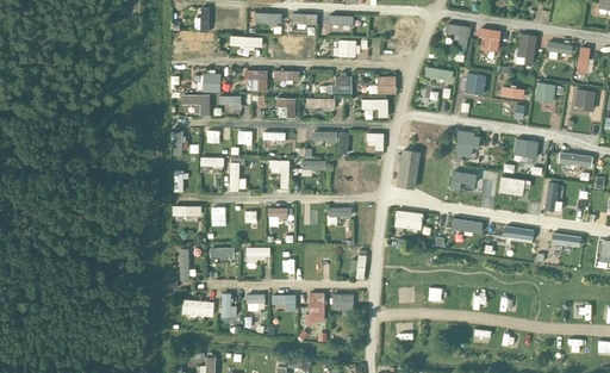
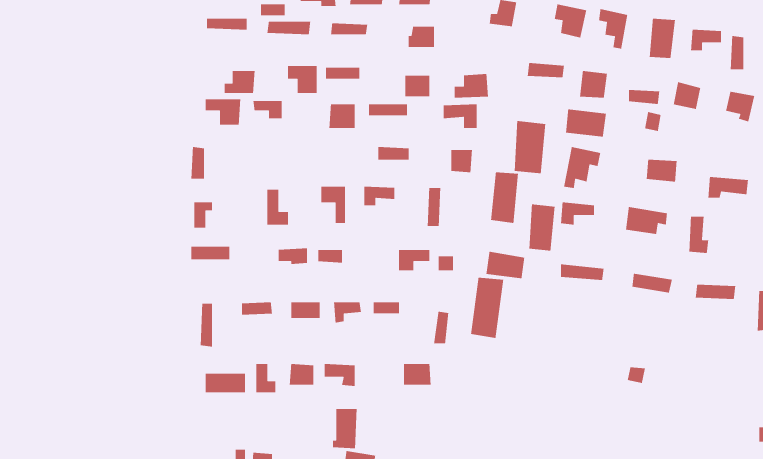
building: none -> [565,109,607,138]
building: none -> [514,120,546,174]
building: none -> [528,203,555,252]
building: none -> [470,277,504,339]
building: [305,292,324,323] -> [332,408,358,449]

